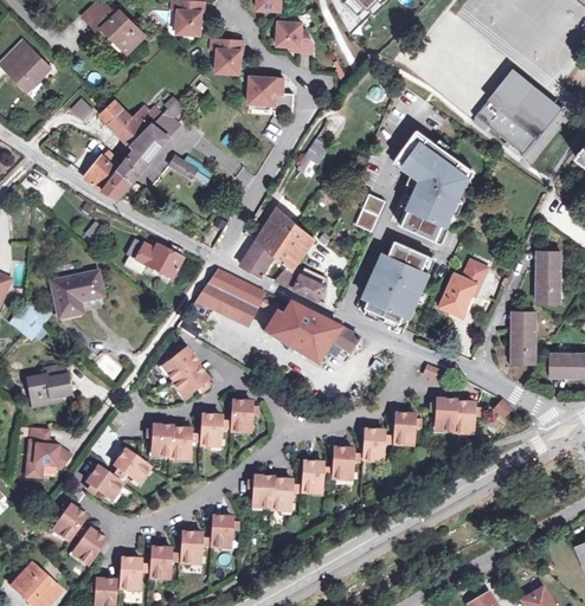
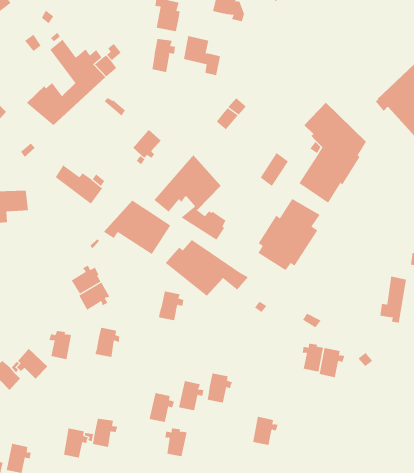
building: none -> [152,38,176,73]
building: none -> [132,129,161,159]
building: [441,259,488,311] -> none
building: [230,400,256,432] -> [158,291,184,321]
building: [393,413,418,444] -> none
building: [169,427,194,459] -> none
building: [362,430,388,460] -> [252,416,278,446]
building: [247,476,272,507] -> [165,428,188,457]
building: [149,547,175,579] -> none

